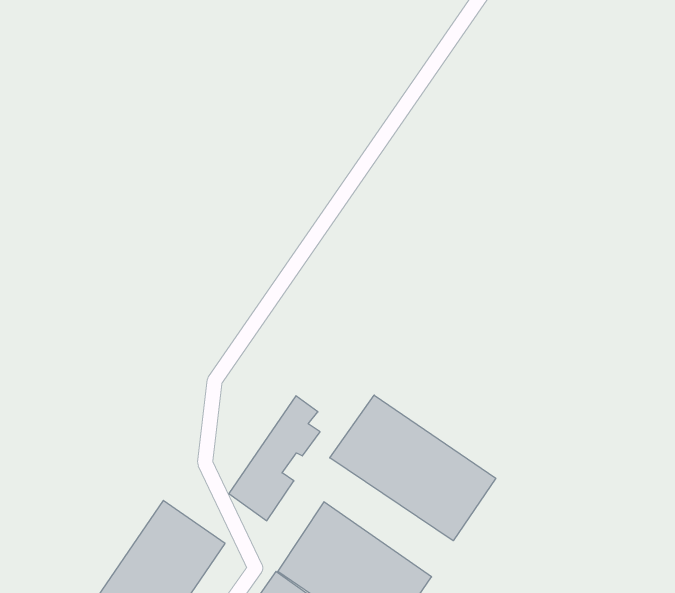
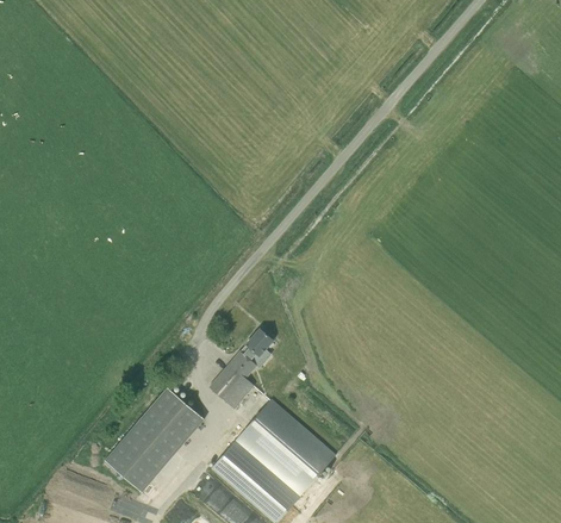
building: [330,395,496,541] -> none

